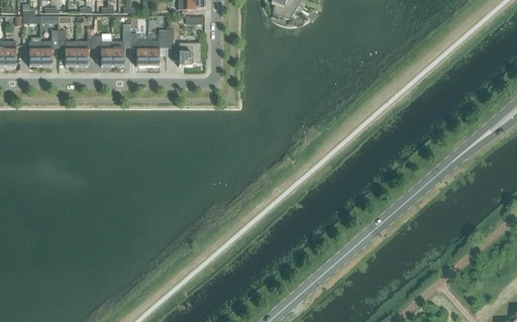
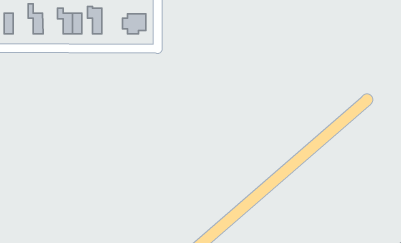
building: [39,29,58,66] -> none
building: [146,29,165,66] -> none
building: [75,34,93,66] -> none

